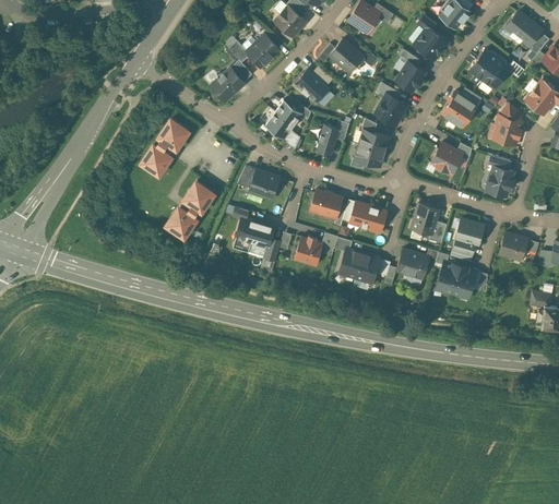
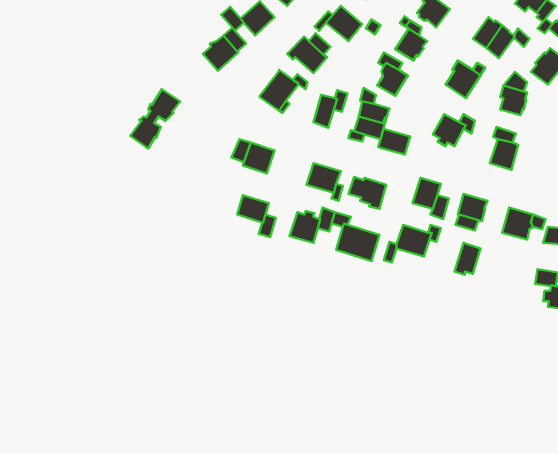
building: none -> [378,129,410,155]
building: [167,182,214,238] -> none
building: [437,261,461,293] -> none

